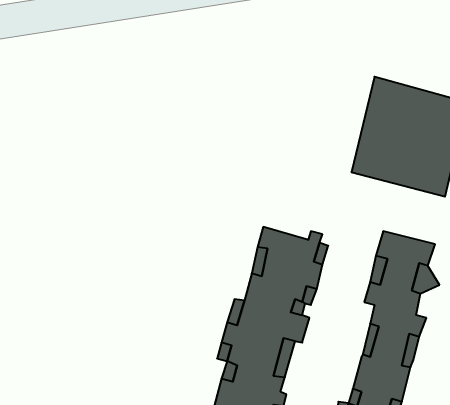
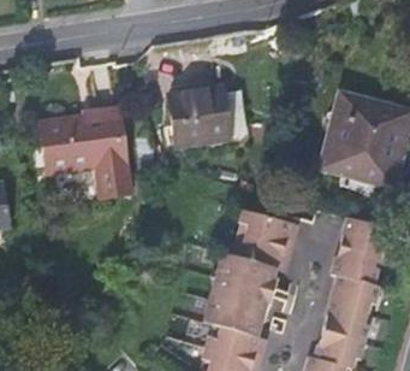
building: none -> [168,86,248,143]
building: none -> [38,106,130,195]

